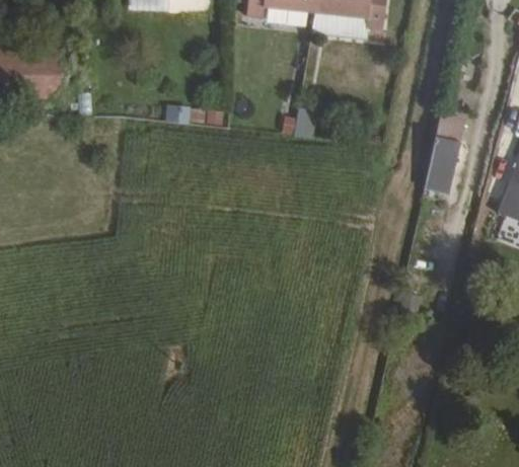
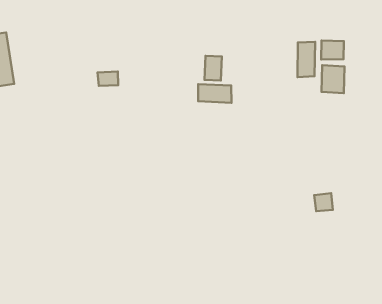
building: none -> [297,42,315,77]
building: none -> [198,84,231,103]

